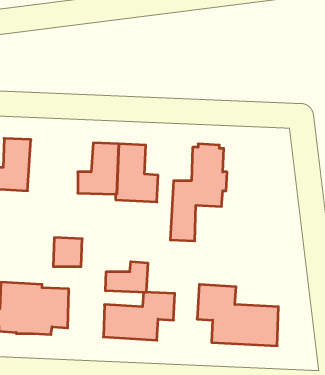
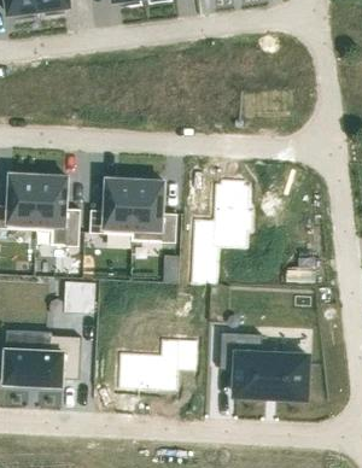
building: none -> [35,174,80,245]
building: [106,262,148,292] -> none

